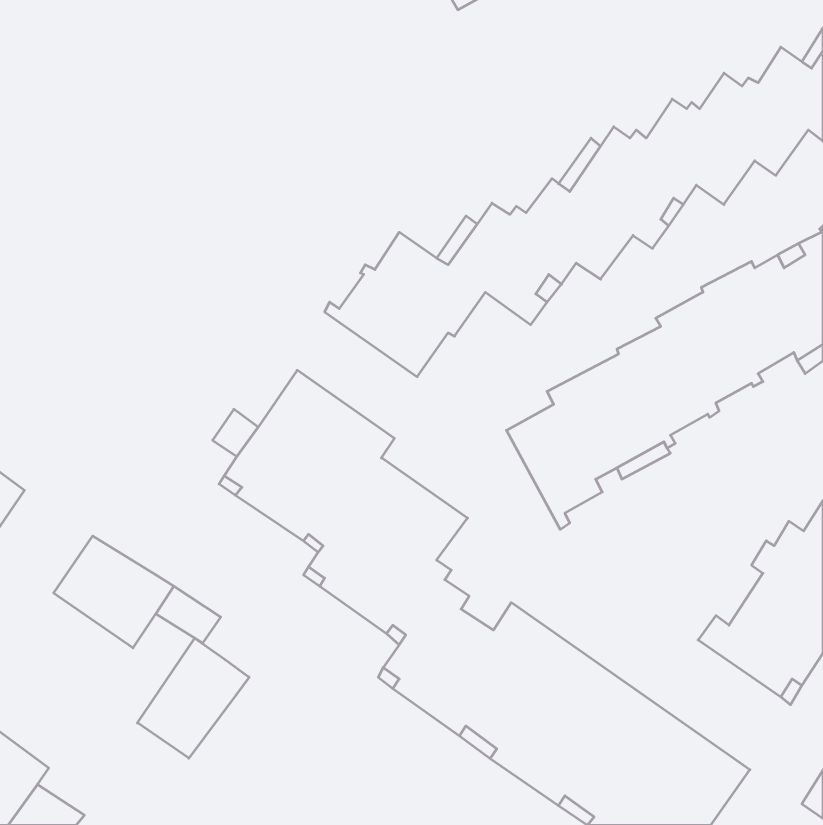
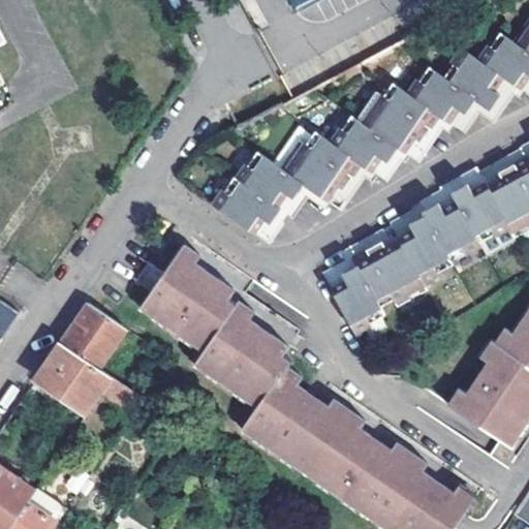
building: none -> [59,301,125,366]
building: [137,638,249,758] -> none

